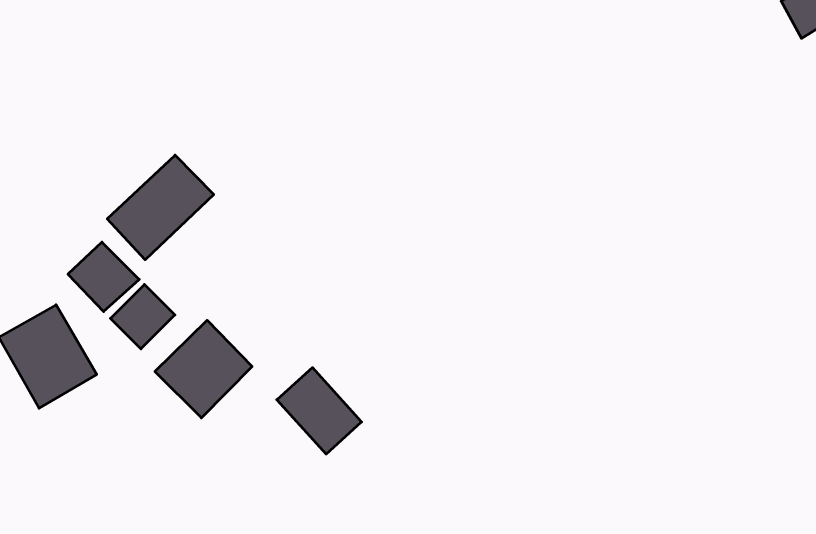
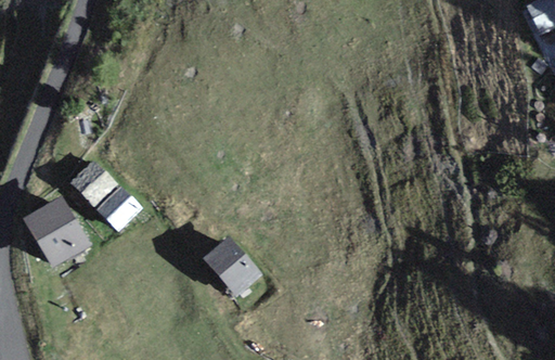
building: [107,155,214,260] -> none
building: [155,320,252,418] -> none

